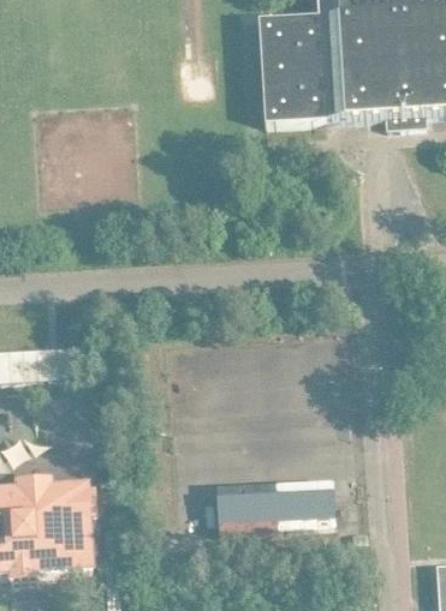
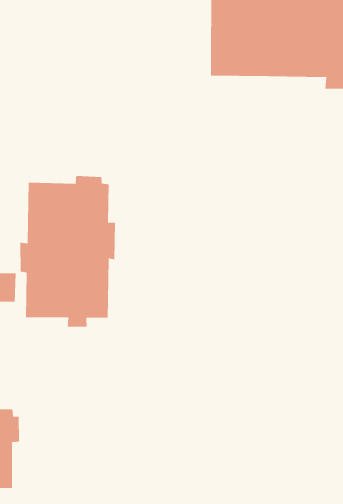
building: none -> [20,175,116,328]
building: [215,477,335,534] -> none

